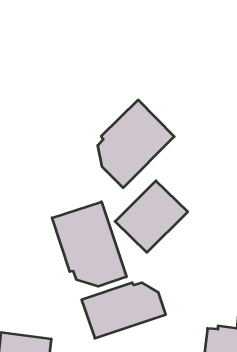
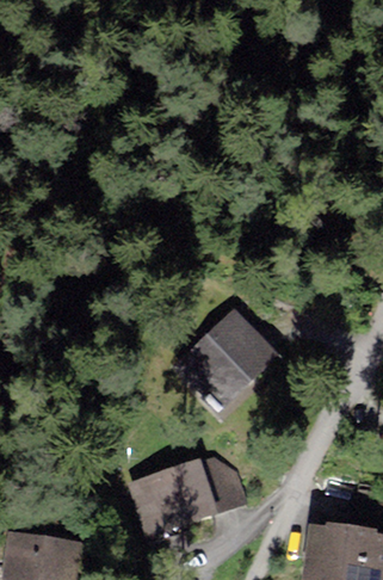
building: [98,100,174,188] -> none
building: [52,202,126,286] -> none

